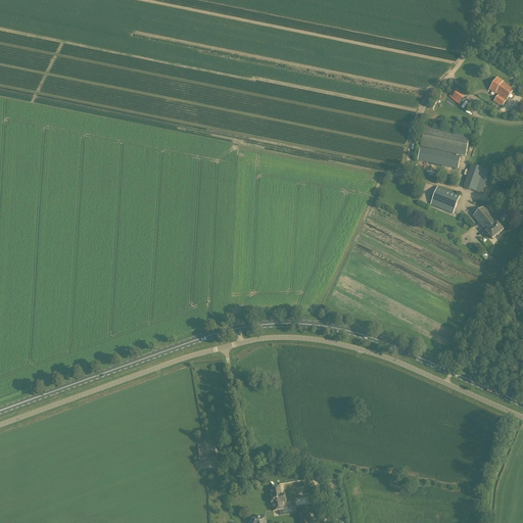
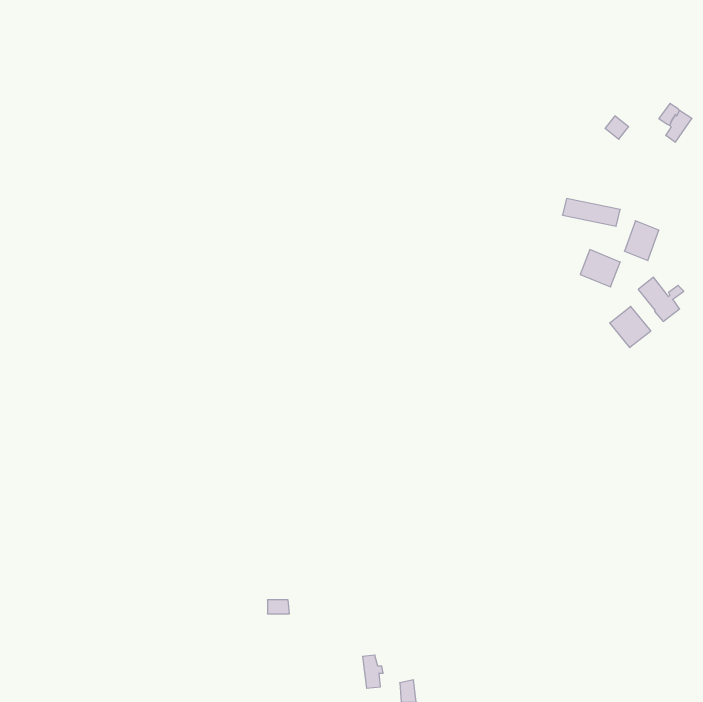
building: [420,125,469,154] -> none
building: none -> [610,306,651,348]

